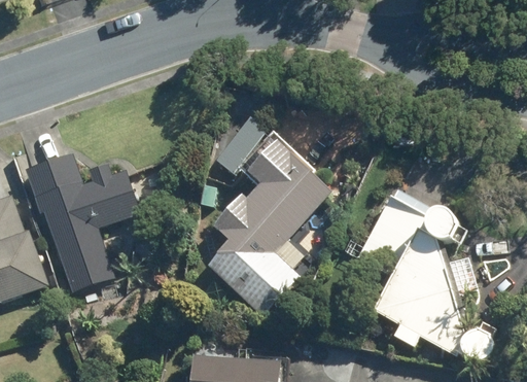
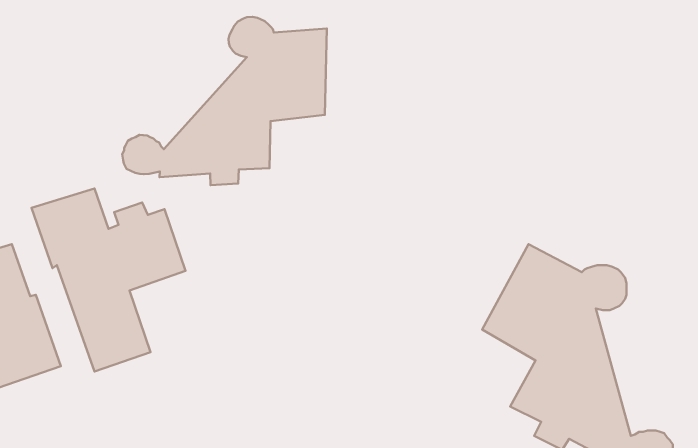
building: none -> [122,17,327,185]
building: [209,142,330,312] -> none

